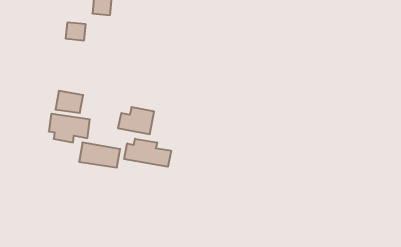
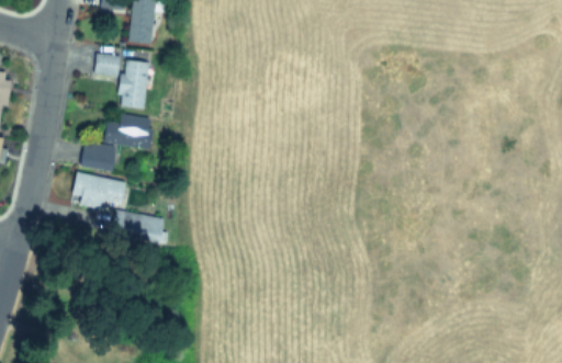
building: none -> [120,60,149,110]
building: [118,107,154,134] -> [104,115,151,150]
building: [124,139,171,167] -> none

